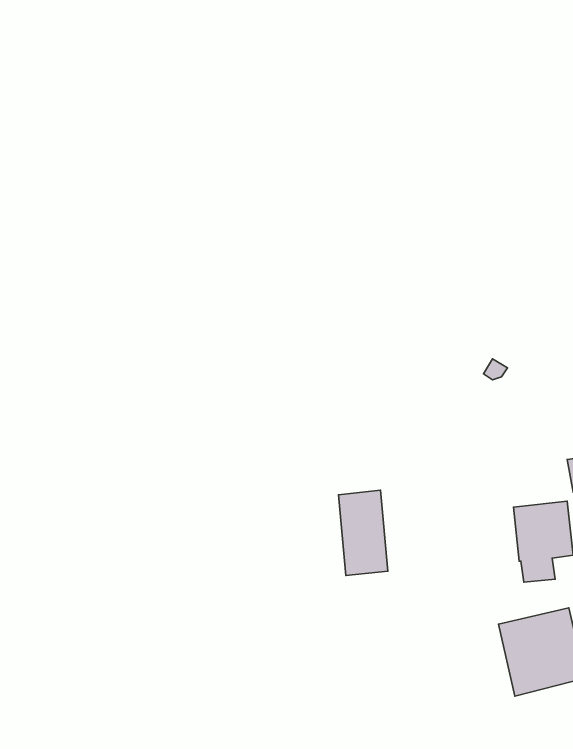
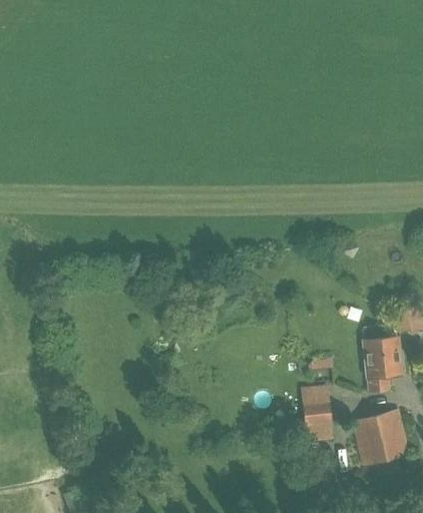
building: [338,490,388,576] -> [301,384,334,441]

